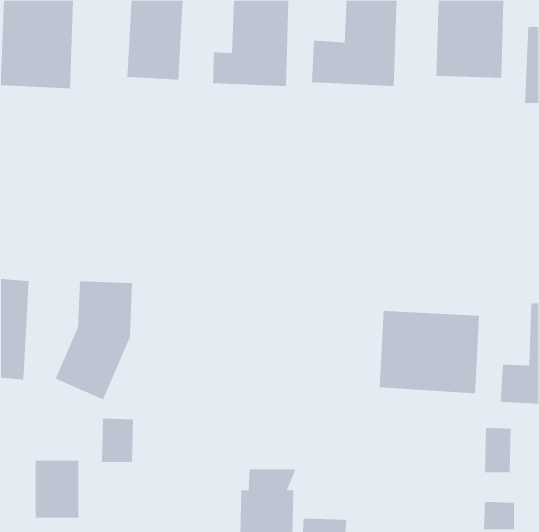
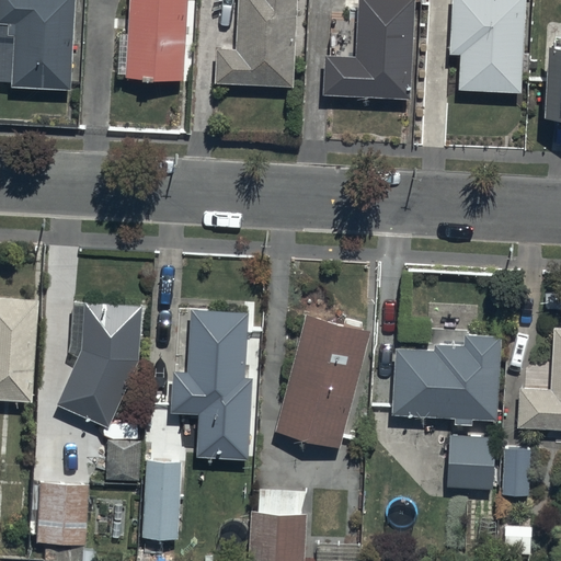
building: none -> [276,312,368,442]
building: none -> [184,313,244,453]
building: none -> [447,435,495,492]
building: none -> [141,463,180,541]

